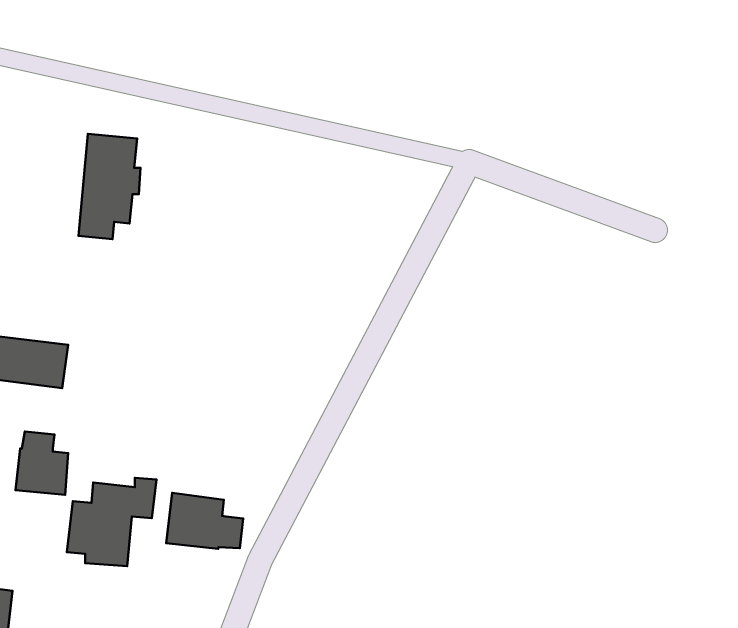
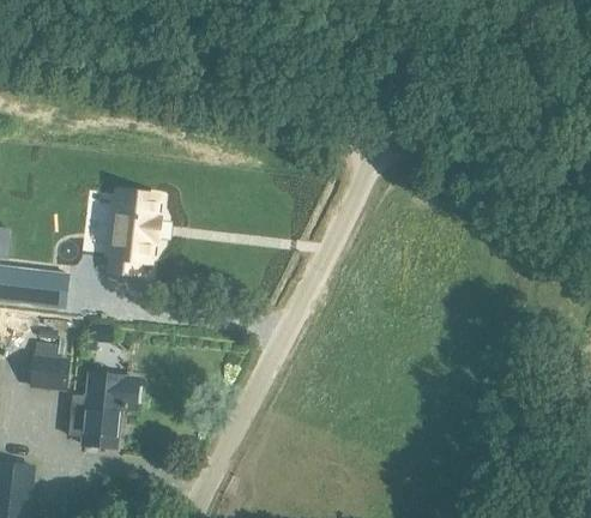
building: [78,134,140,239] -> [104,188,152,270]
building: [166,493,243,549] -> none

